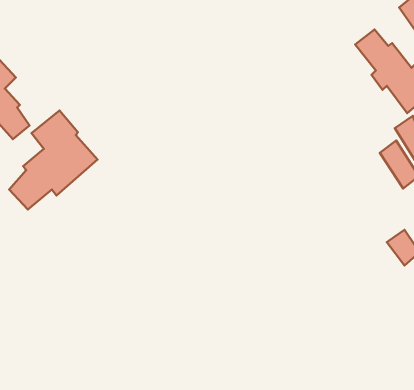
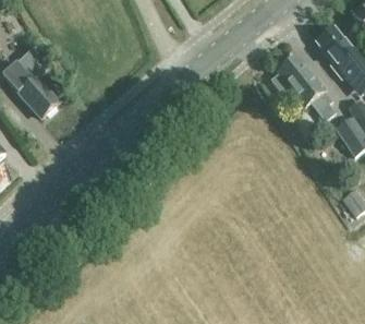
building: none -> [271,58,331,119]
building: [9,110,97,210] -> none

